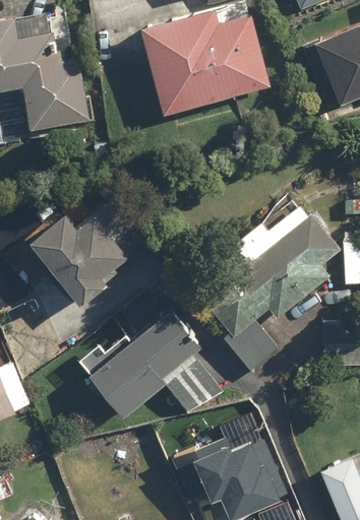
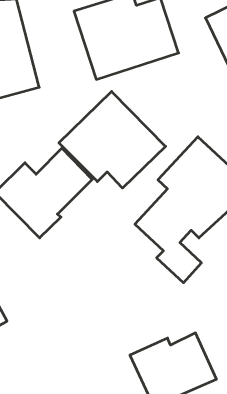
building: none -> [59,91,166,188]
building: [79,309,222,419] -> none

